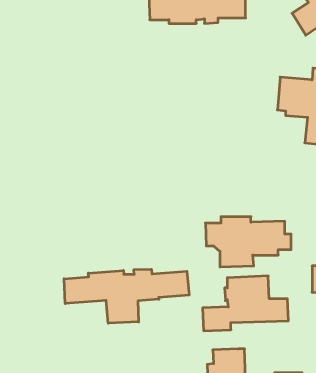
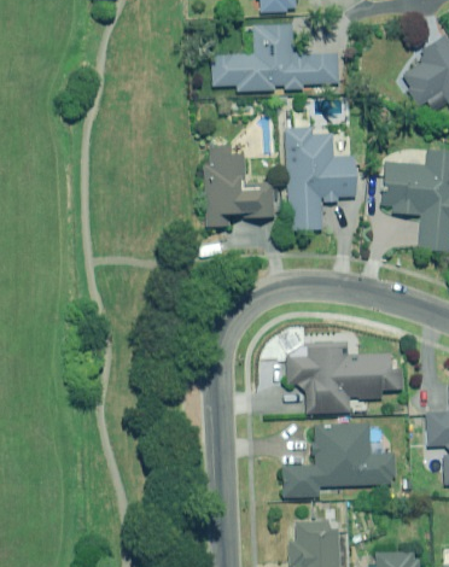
building: none -> [286,129,356,229]
building: none -> [204,147,274,227]
building: [64,269,189,323] -> none

